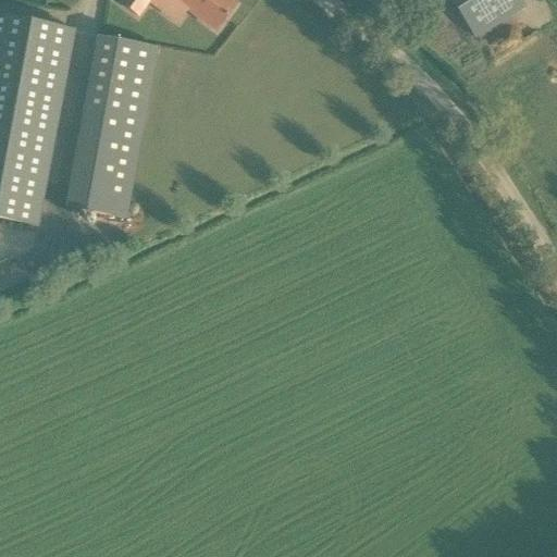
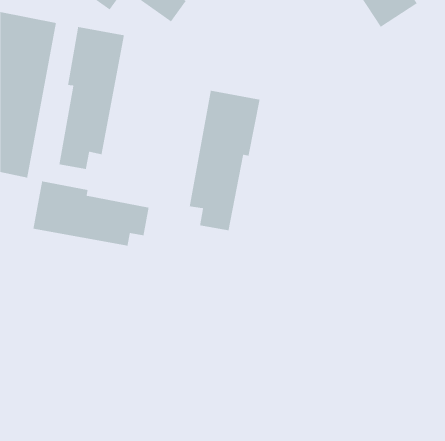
building: none -> [189,90,260,231]
building: none -> [32,180,150,246]

